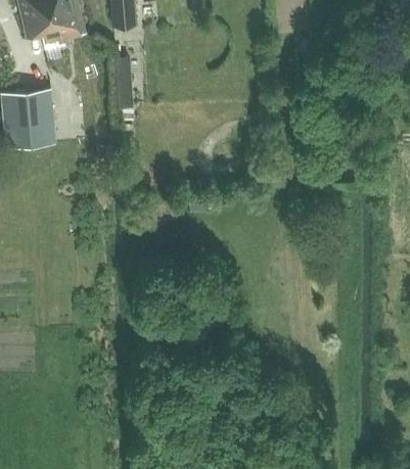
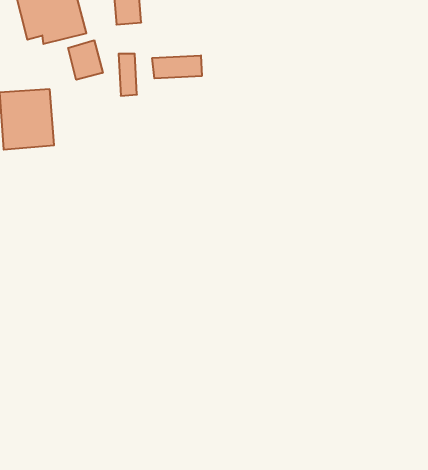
building: none -> [68,40,103,80]
building: none -> [152,55,202,78]

